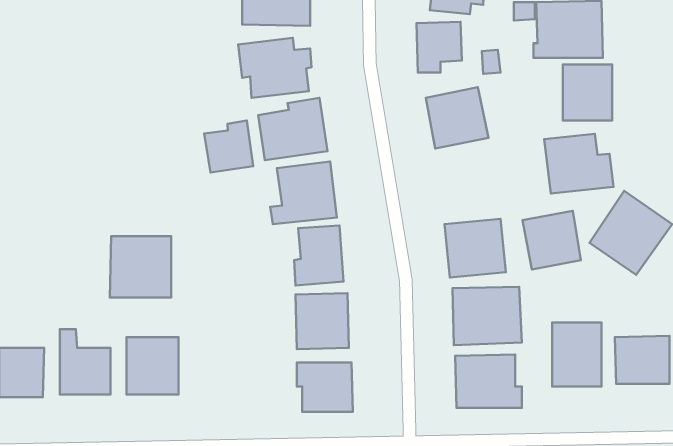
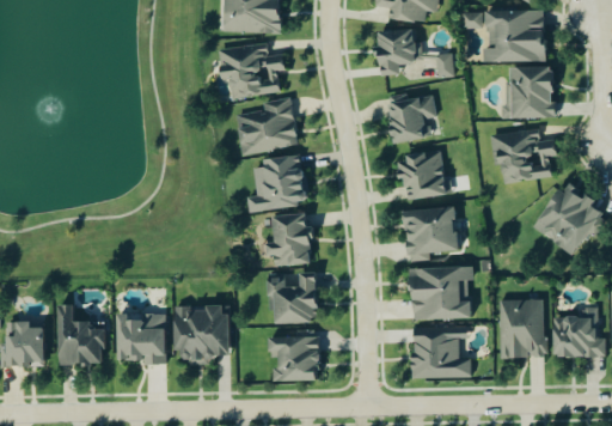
building: [204,121,253,173] -> none
building: [522,211,581,269] -> [397,148,449,201]
building: [110,236,171,297] -> [173,305,228,360]

